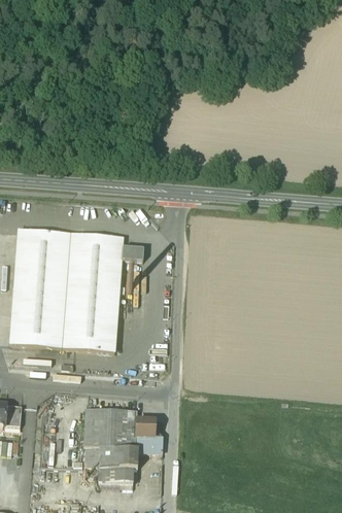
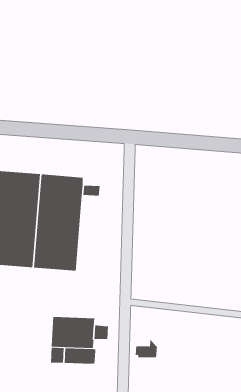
building: [135,418,163,449] -> [135,332,158,358]
building: [99,464,133,480] -> none

